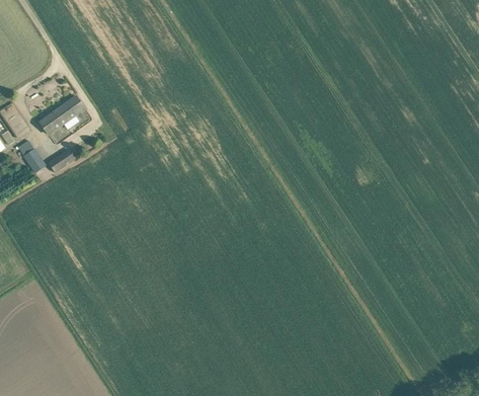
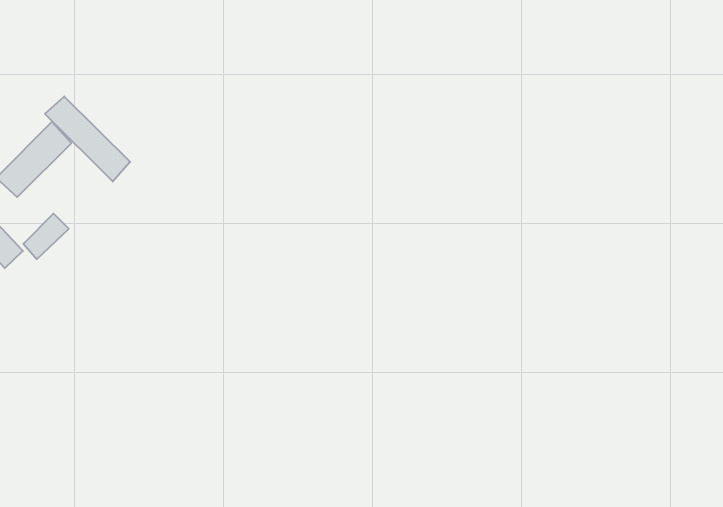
building: none -> [45,96,130,182]

